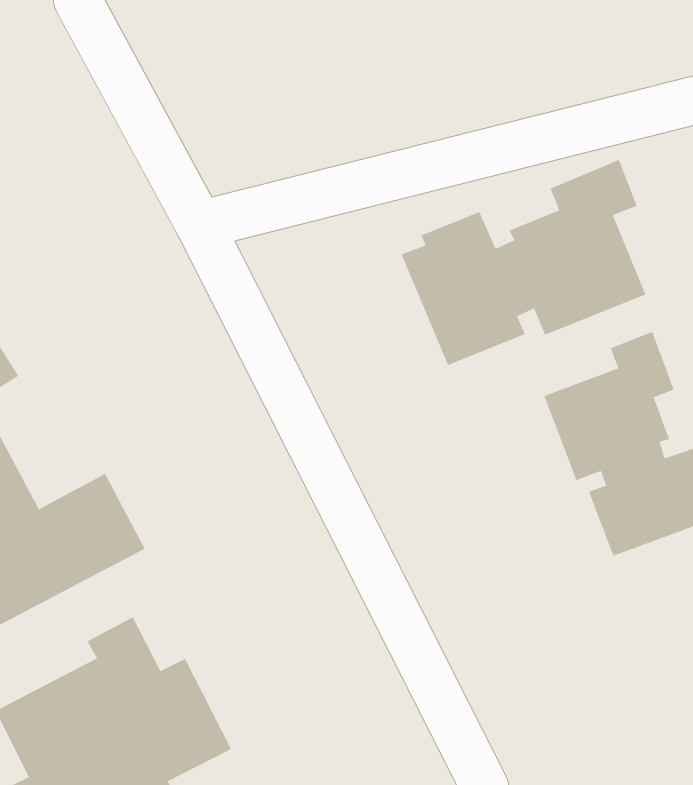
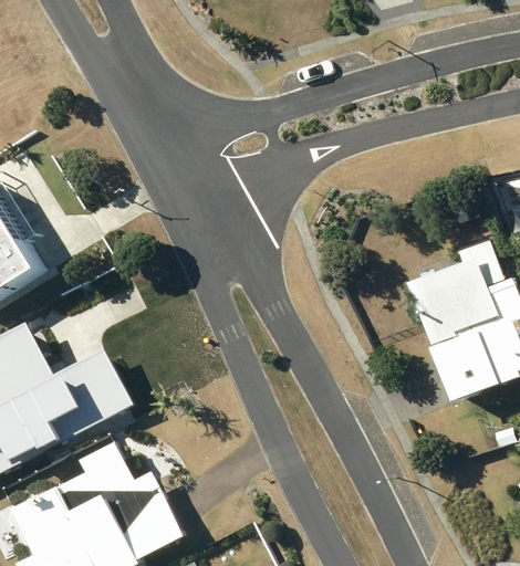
building: [401,159,646,366] -> none

